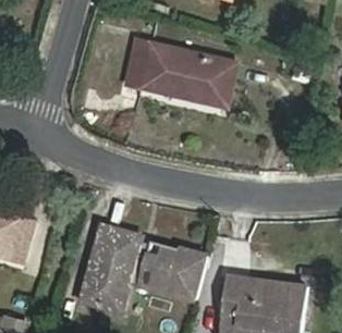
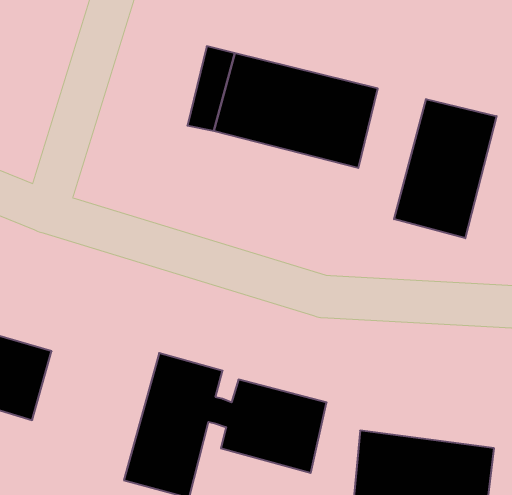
building: none -> [394,99,497,238]

